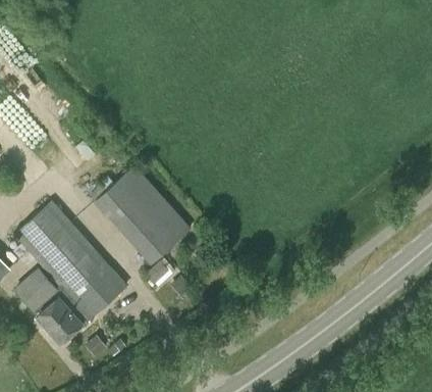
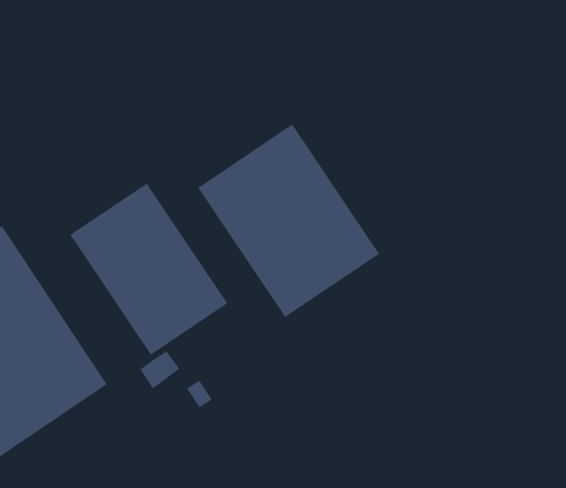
building: none -> [197,124,380,318]

